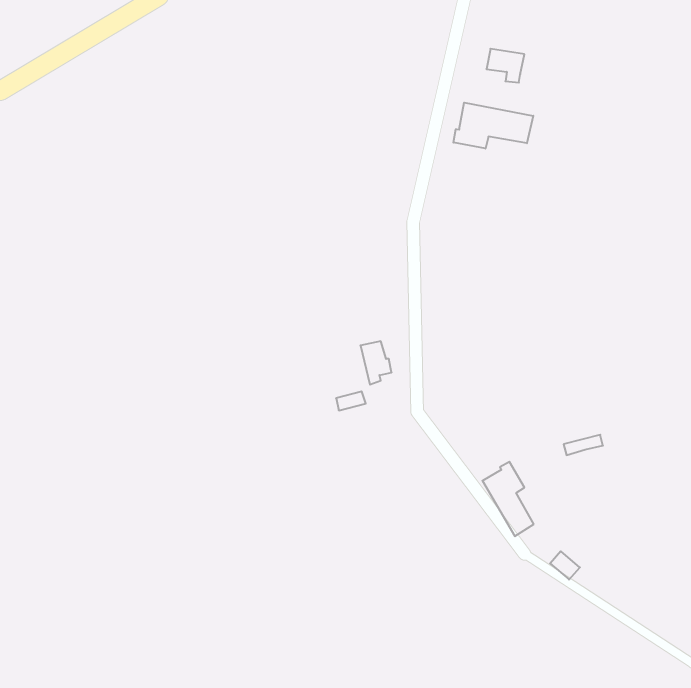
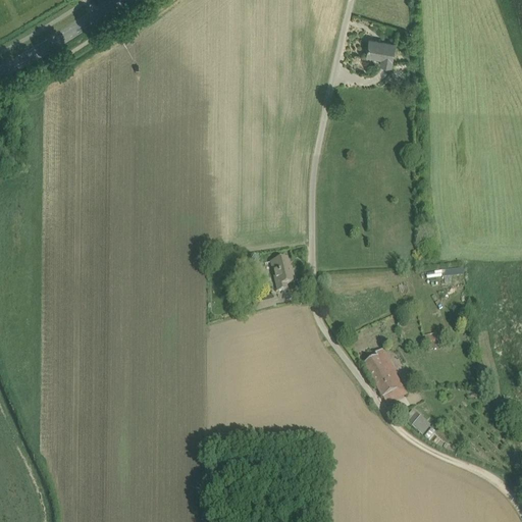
building: [453,103,533,149] -> none

